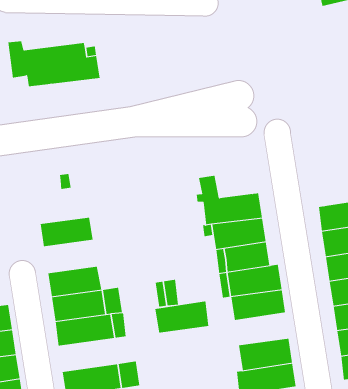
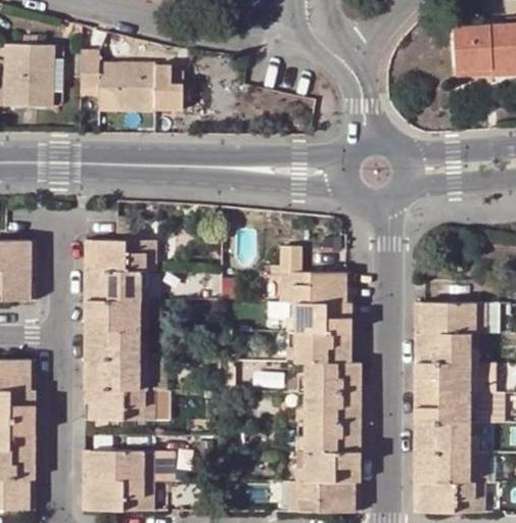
building: none -> [85,241,153,273]
building: none -> [85,299,145,332]
building: [155,301,209,333] -> [296,421,359,451]

